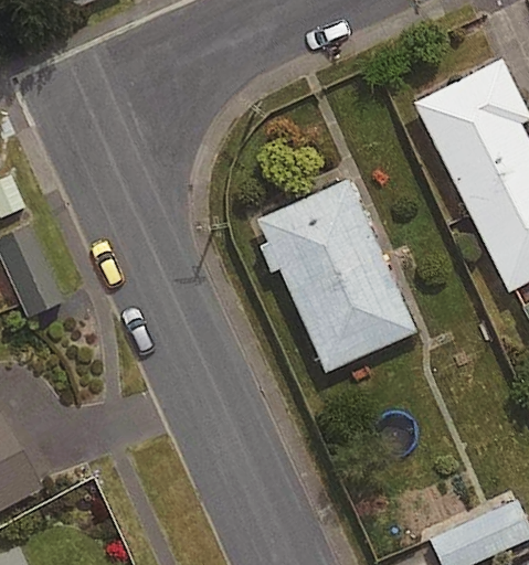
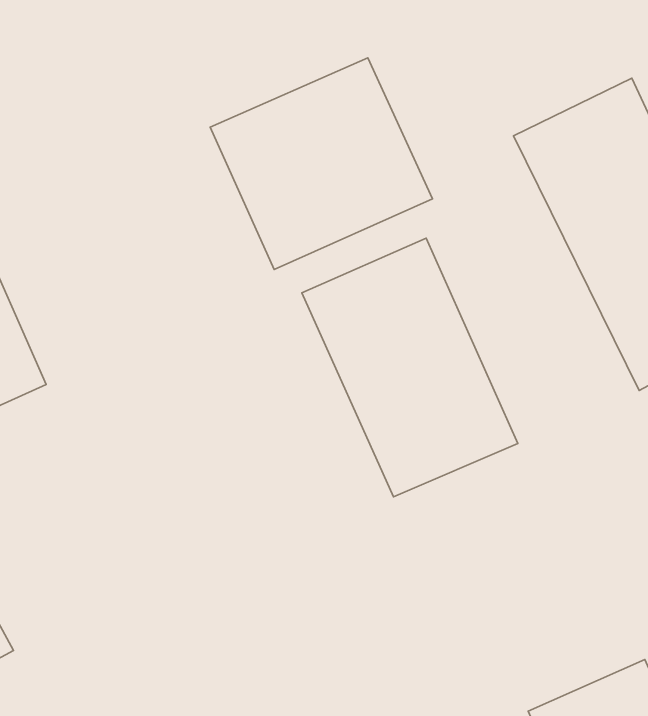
building: none -> [210,58,432,270]

